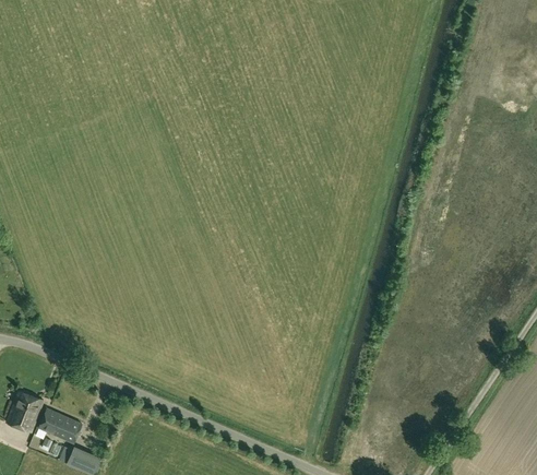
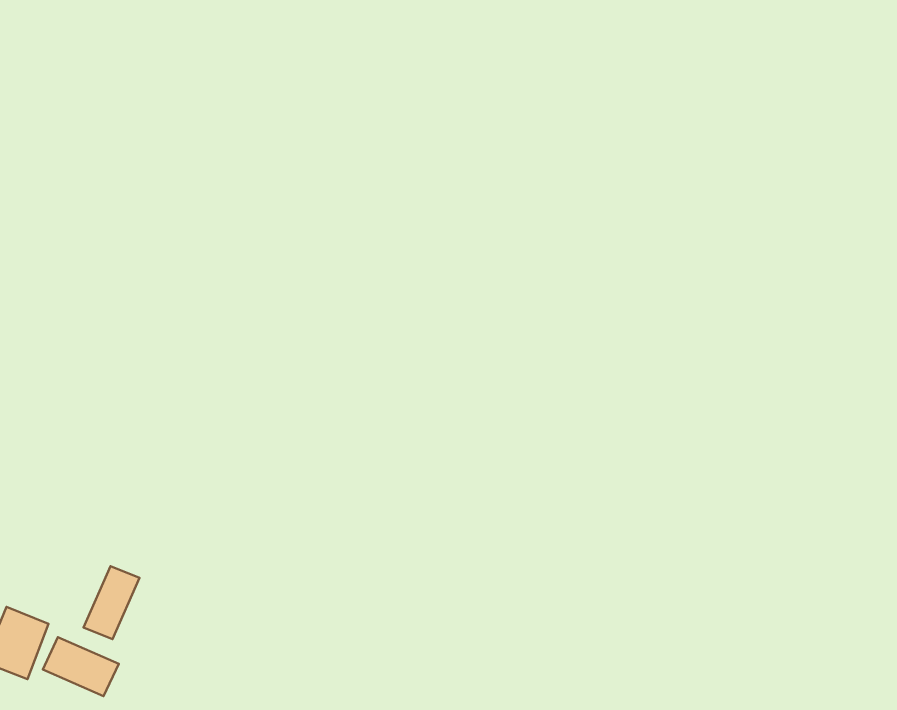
building: none -> [83,566,140,639]

